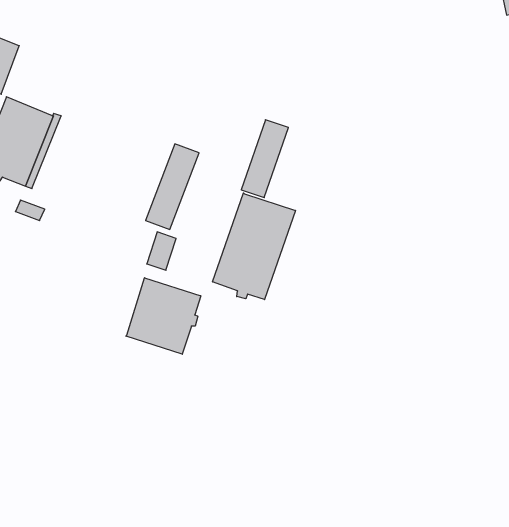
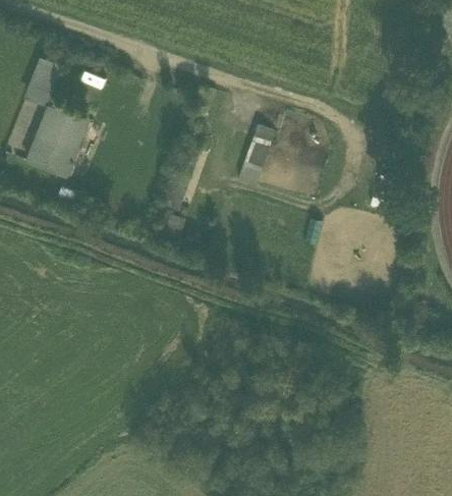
building: [213,193,295,300] -> none
building: [126,278,201,354] -> none

